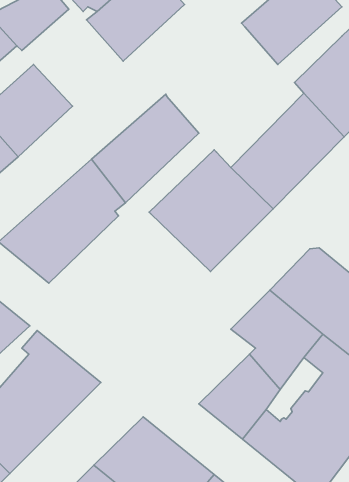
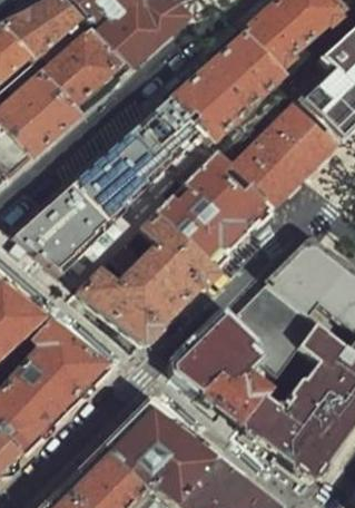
building: none -> [46,27,130,108]
building: none -> [171,33,284,143]
building: none -> [78,209,217,341]
building: none -> [179,314,255,389]

